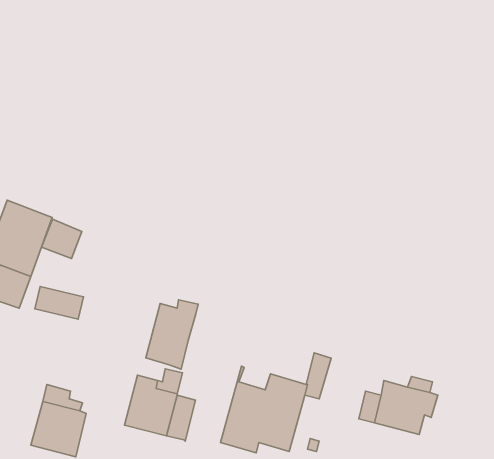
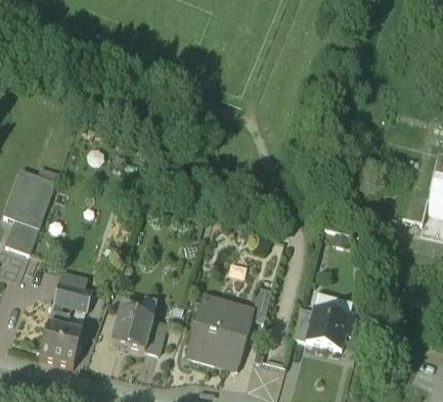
building: [41,219,82,259] -> none
building: [35,286,83,319] -> [54,282,92,308]
building: [146,300,198,369] -> none

